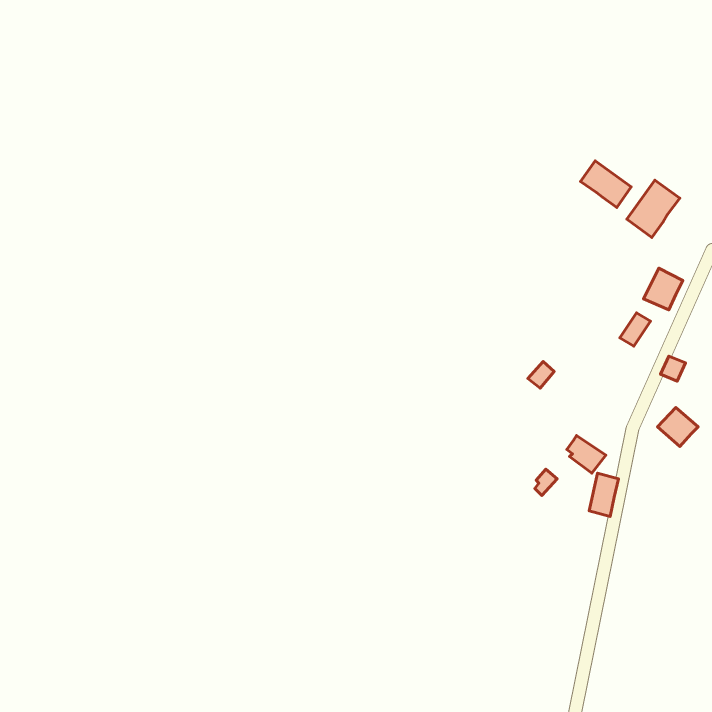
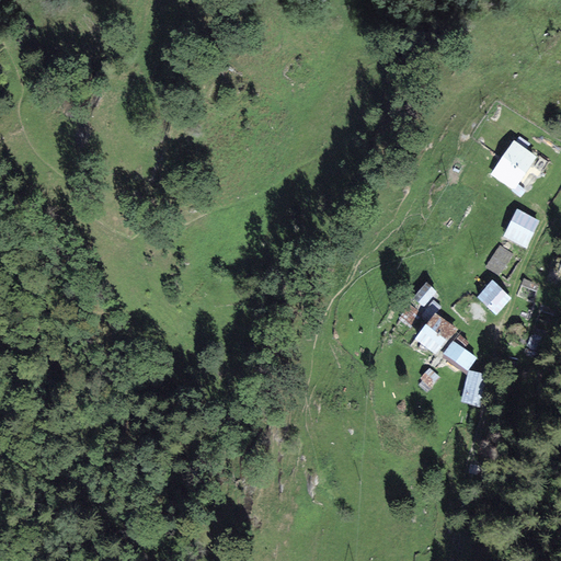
building: [581,161,631,207] -> none
building: none -> [416,314,453,352]
building: [658,407,698,446] -> [478,282,510,312]

